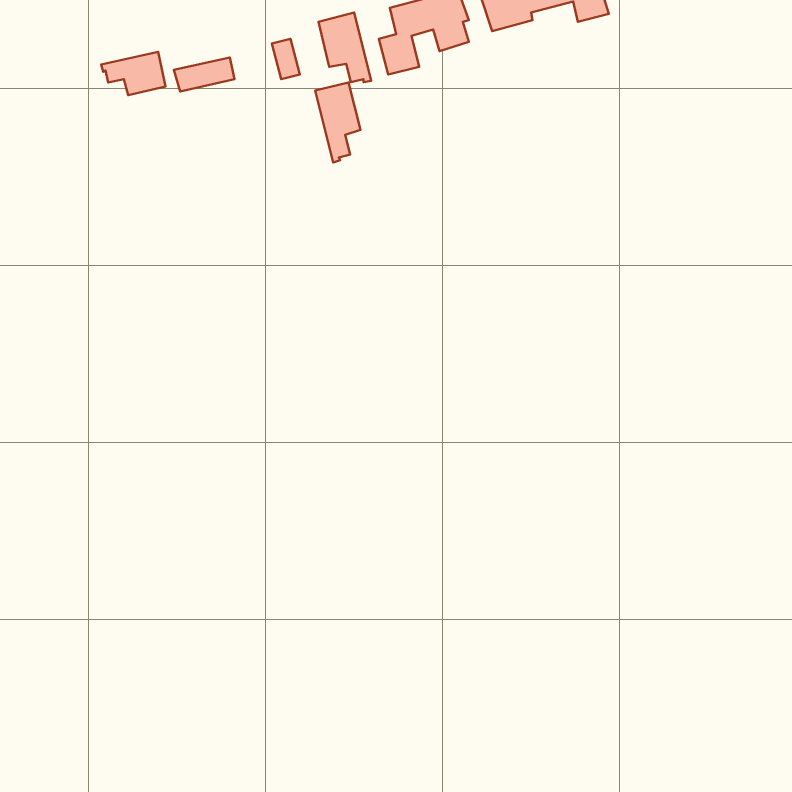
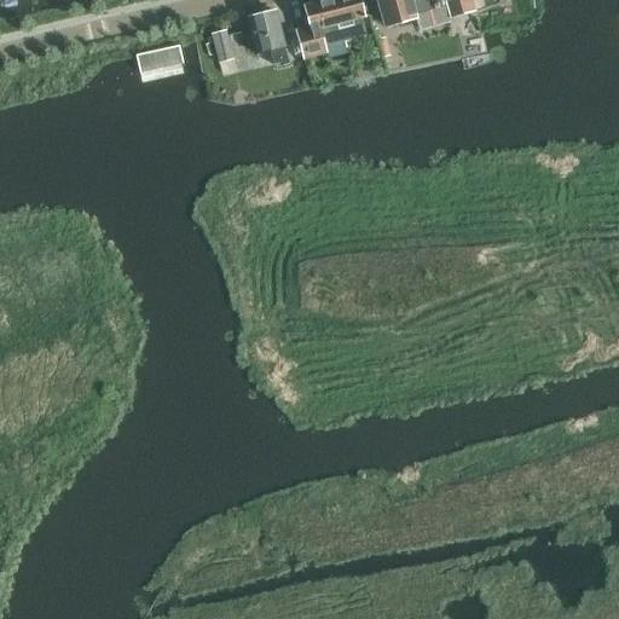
building: [101,52,166,95] -> none
building: [315,83,361,162] -> none

